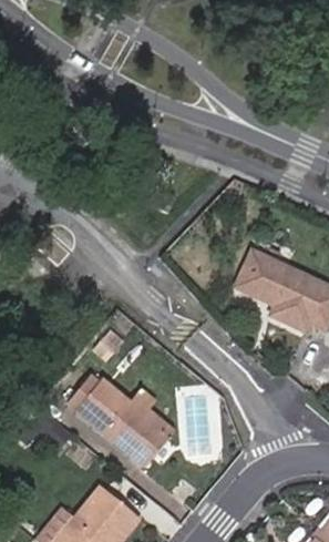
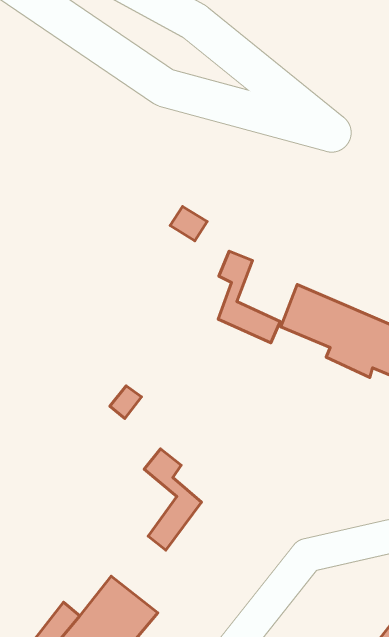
building: none -> [218,251,280,343]
building: [73,377,154,456] -> none

